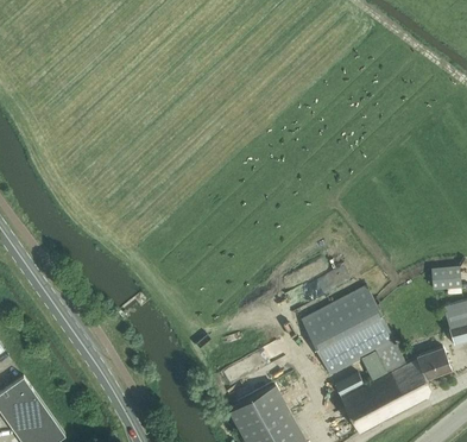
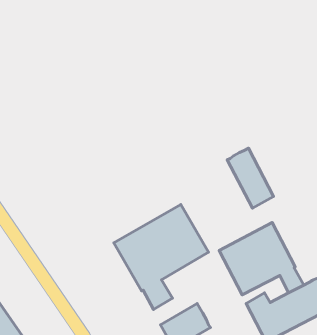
building: none -> [227,148,274,208]
building: none -> [114,204,208,310]

